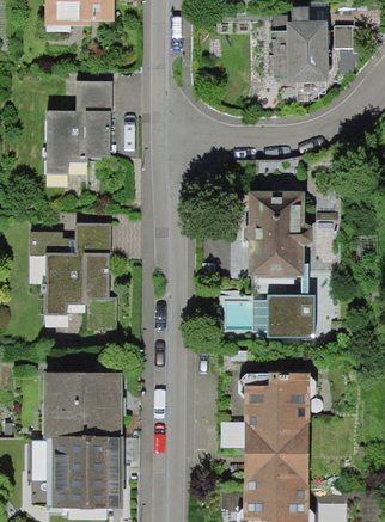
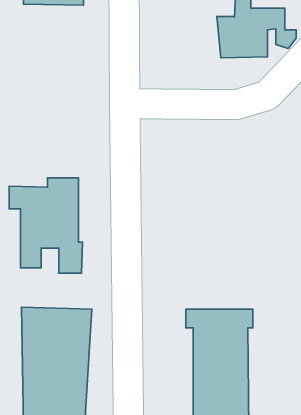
building: [42,86,111,180] -> none
building: [251,186,312,333] -> none

